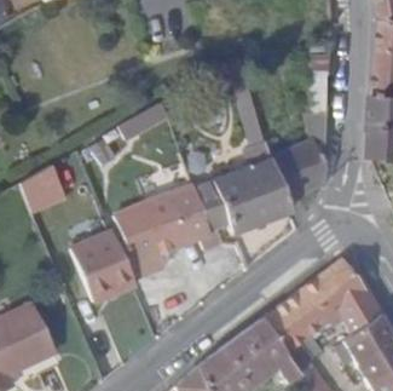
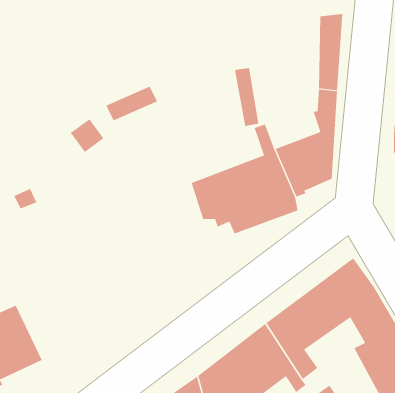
building: [112,189,220,277] -> none
building: [67,232,133,304] -> none

